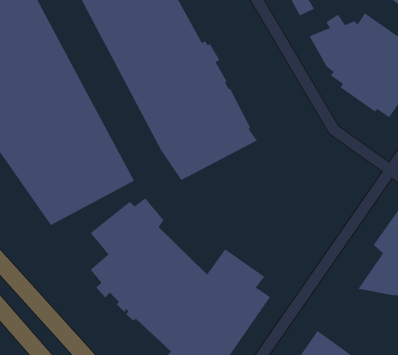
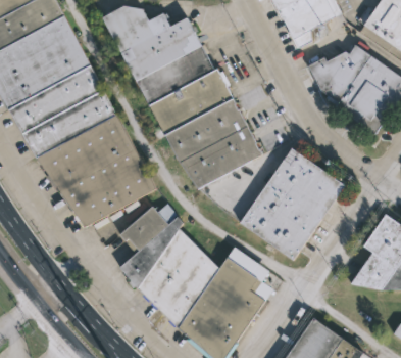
building: none -> [240,148,345,261]

